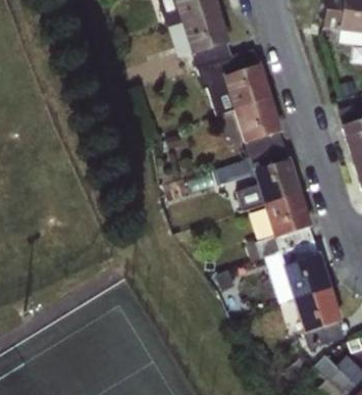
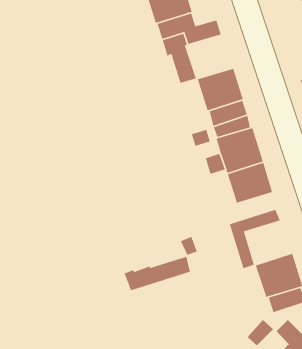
building: [222,63,271,109] -> none
building: [246,226,314,261] -> [124,256,191,291]
building: [282,253,331,299] -> none

